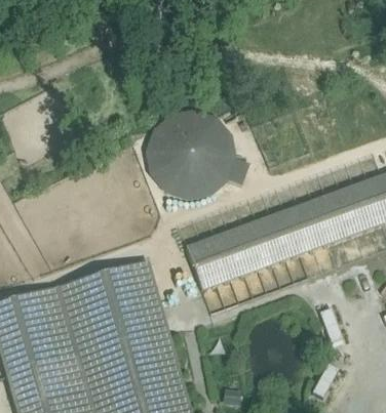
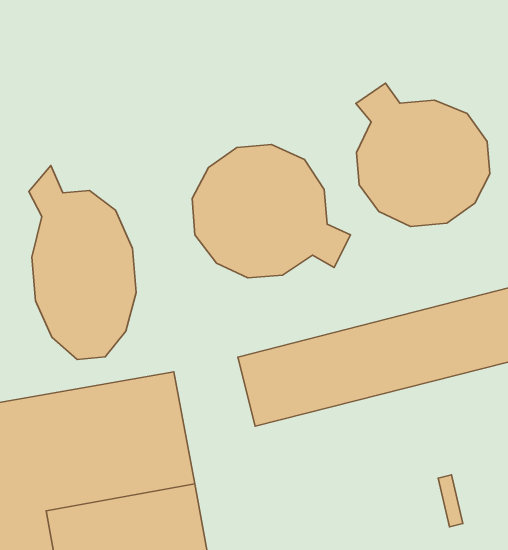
building: none -> [356,83,490,227]
building: none -> [29,165,136,359]

